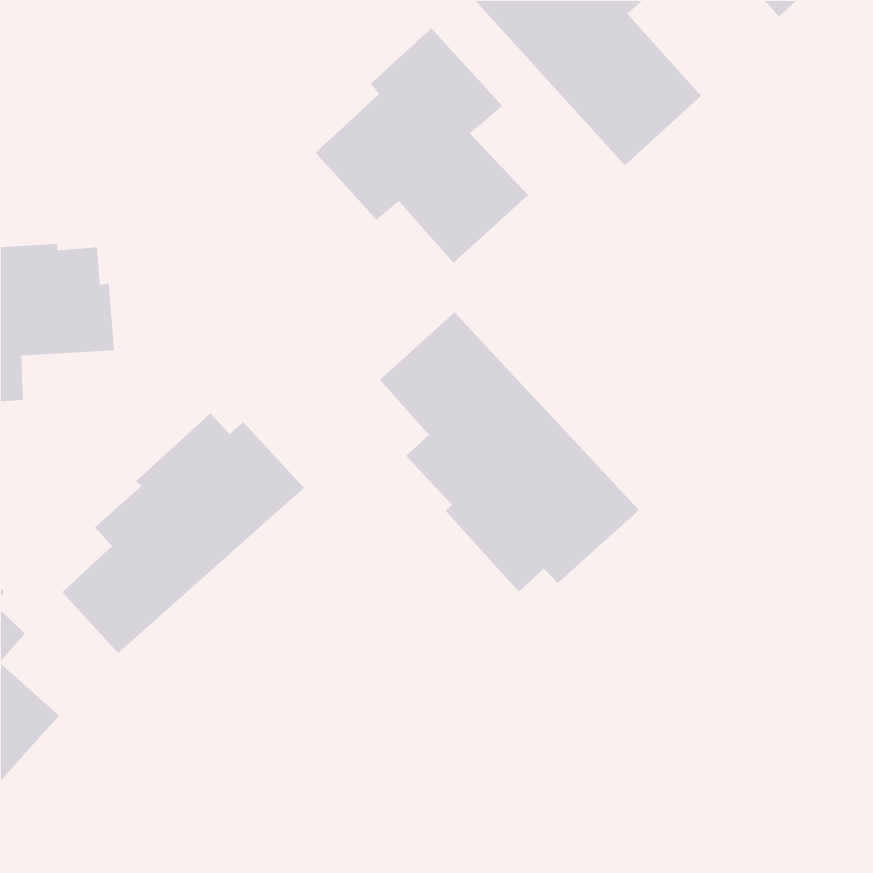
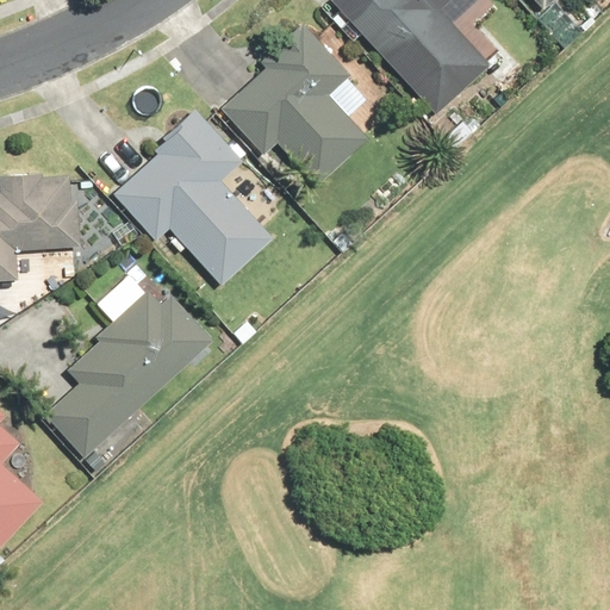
building: none -> [113,107,274,285]
building: [379,312,640,592] -> none

